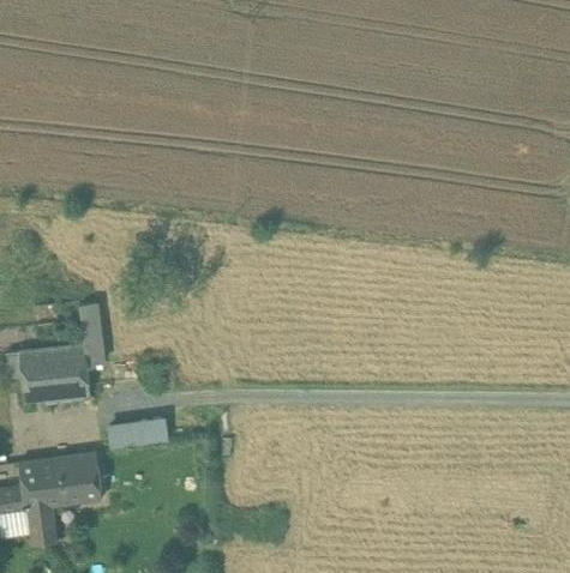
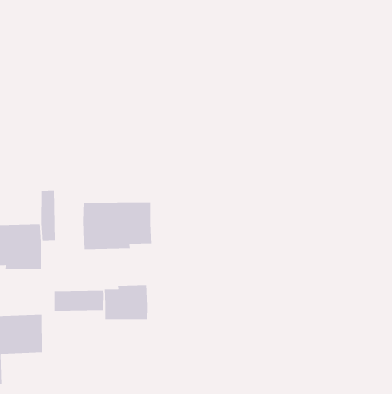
building: none -> [83,202,152,250]
building: none -> [104,285,148,320]

